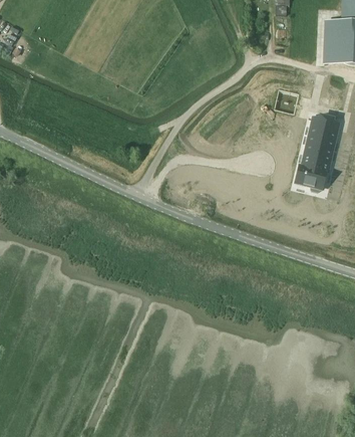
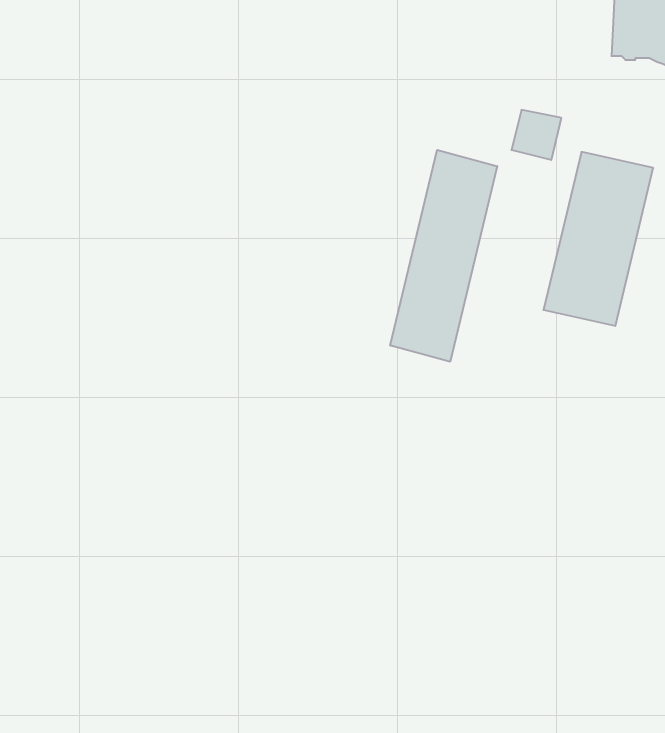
building: none -> [390,150,497,362]

